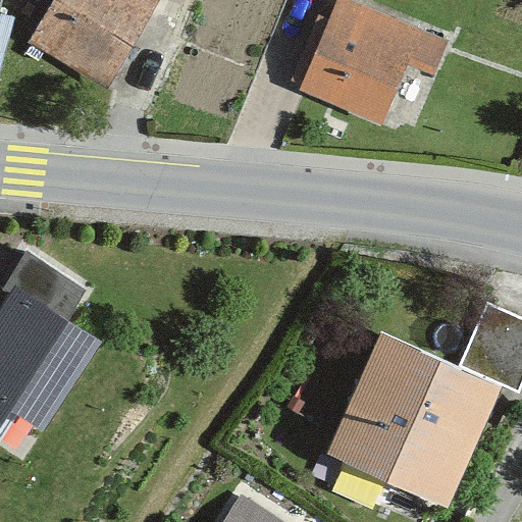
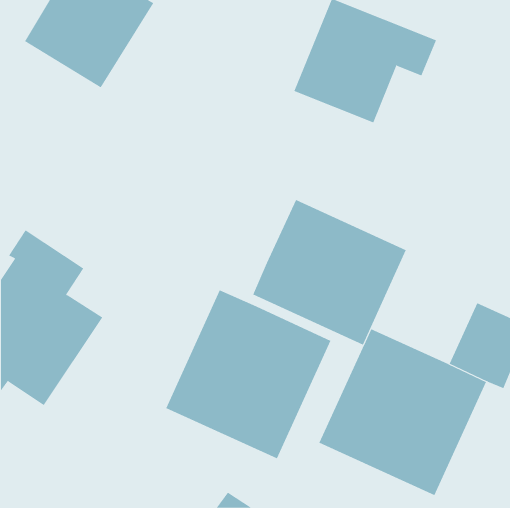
building: none -> [252,199,407,345]
building: none -> [165,290,331,459]

